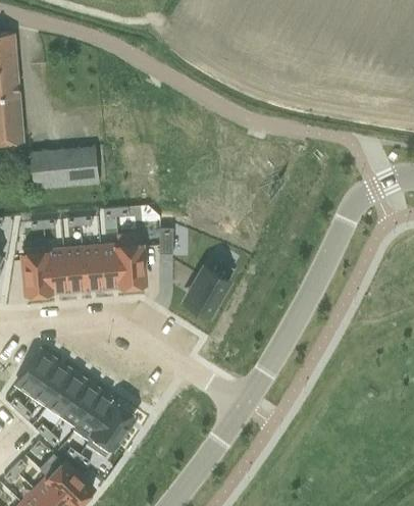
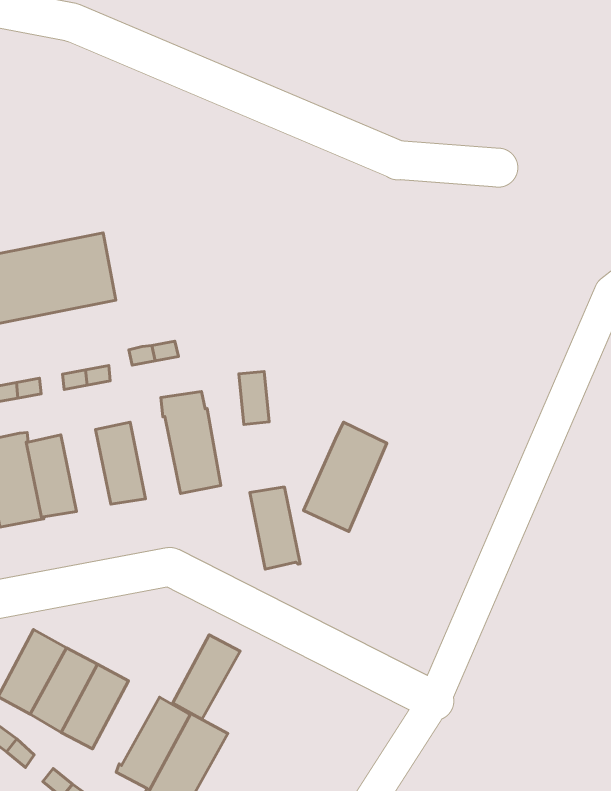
building: [100,247,122,289] -> [250,487,300,569]
building: [63,250,86,292] -> none
building: [63,383,101,426] -> [173,635,240,720]

